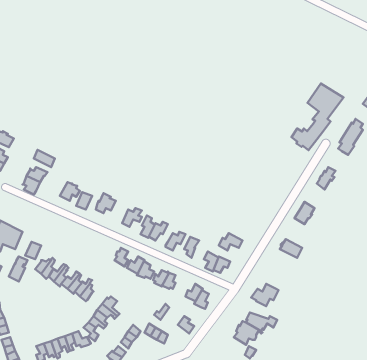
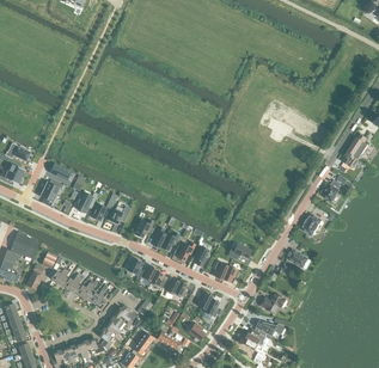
building: [292,84,343,150] -> none

